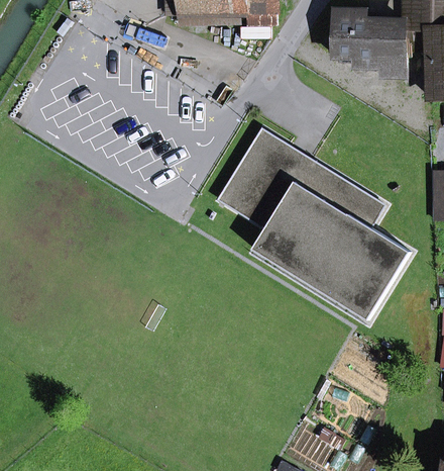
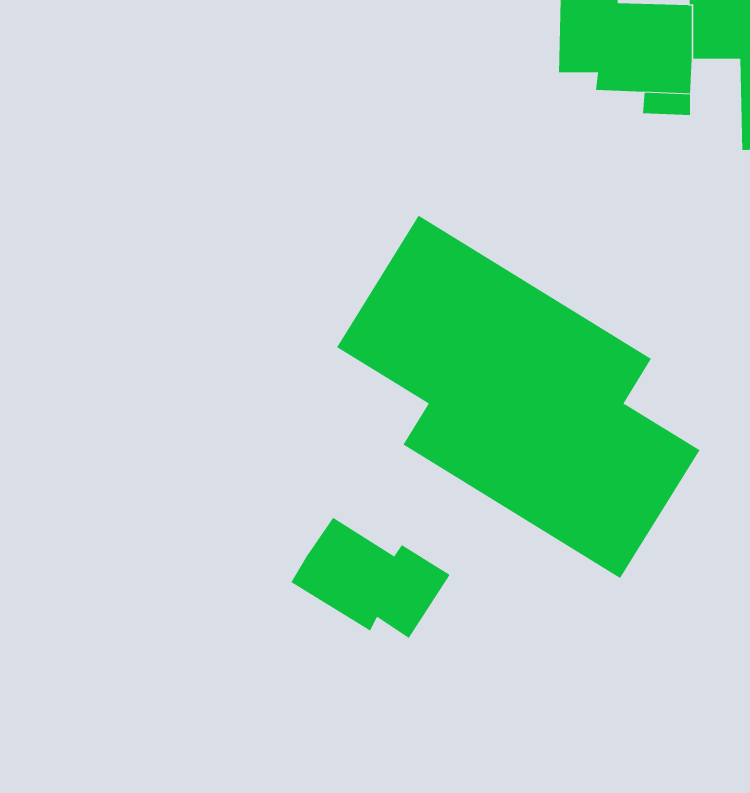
building: none -> [291,517,450,639]

